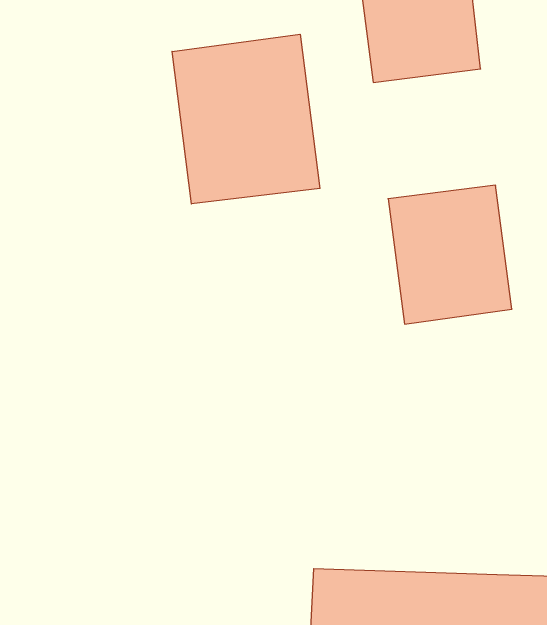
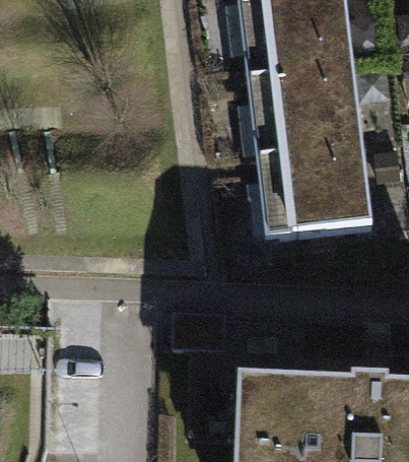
building: [172,34,320,204] -> none
building: none -> [276,56,359,144]

